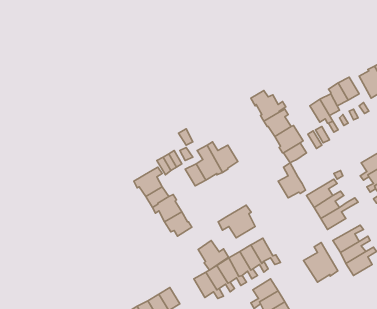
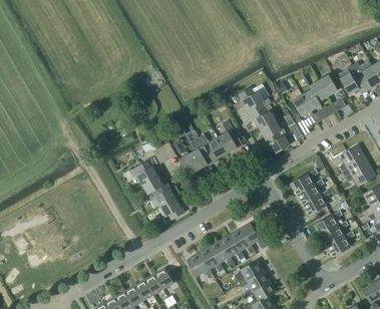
building: [278,163,306,198] -> [218,120,243,152]
building: [218,205,255,238] -> none
building: [198,241,229,270] -> none
building: [304,243,338,282] -> none

